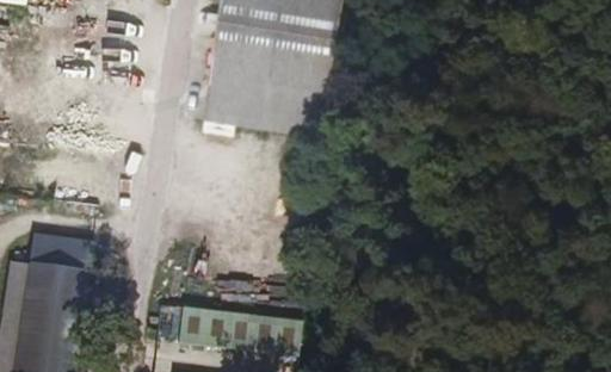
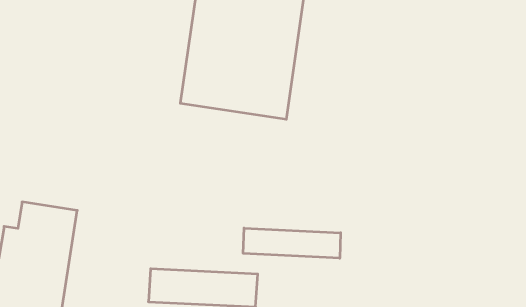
building: none -> [243,228,341,258]

